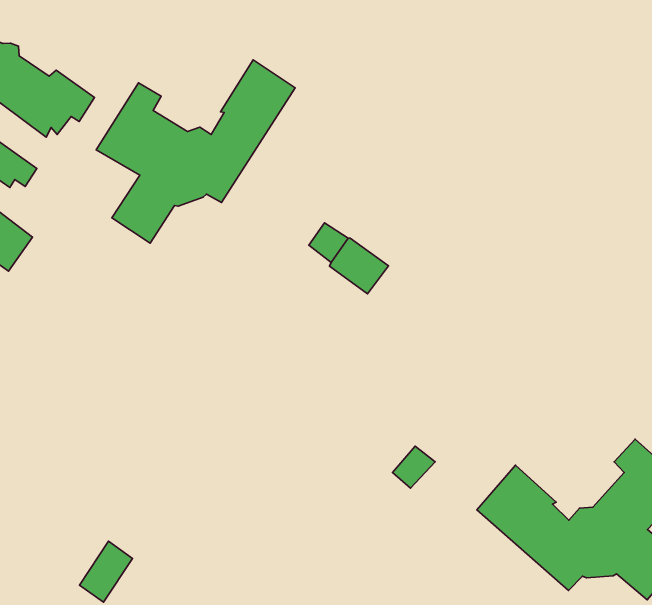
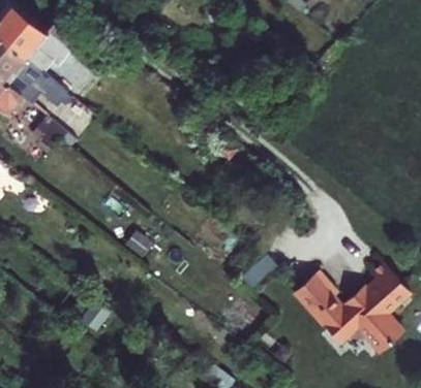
building: [96,60,295,243] -> none

